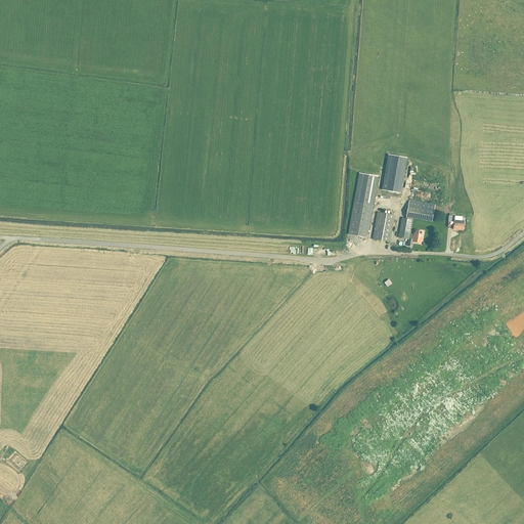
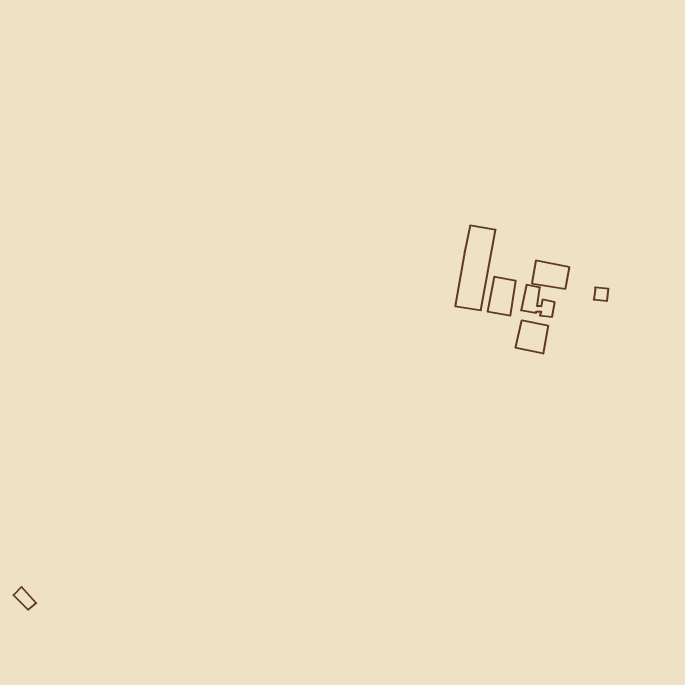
building: [381,152,406,192] -> none
building: none -> [516,320,548,354]

